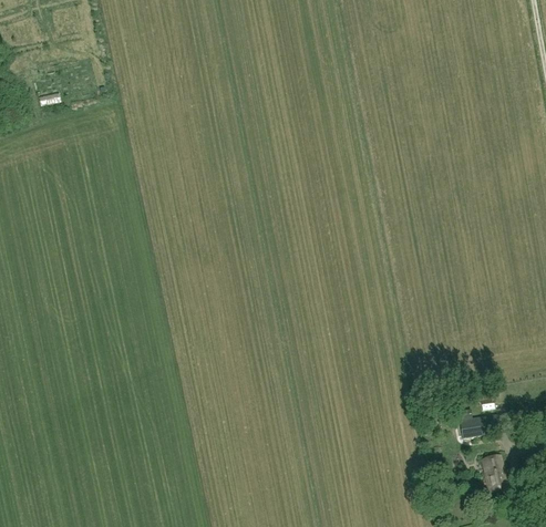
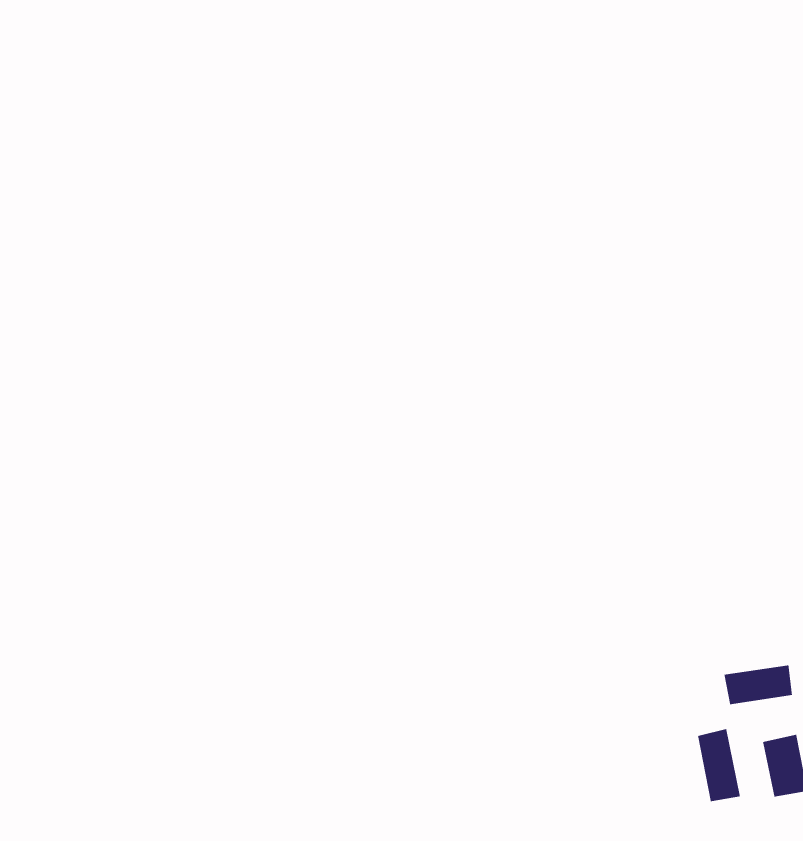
building: none -> [697,728,741,802]

